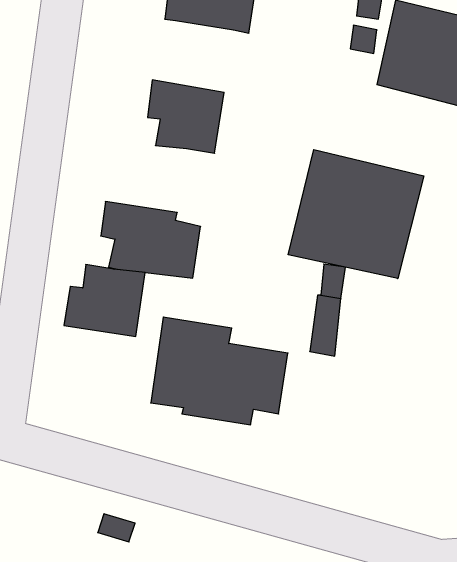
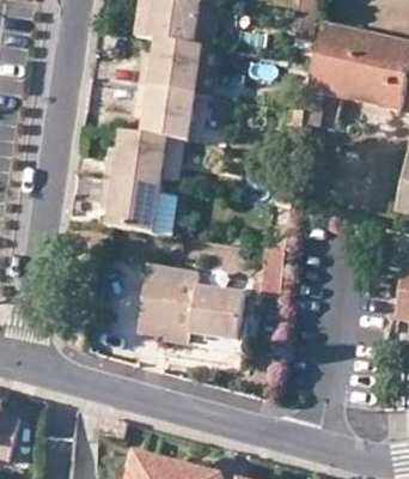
building: none -> [138,37,200,92]
building: [288,150,424,279] -> none
building: [64,265,145,336] -> [102,129,164,184]

